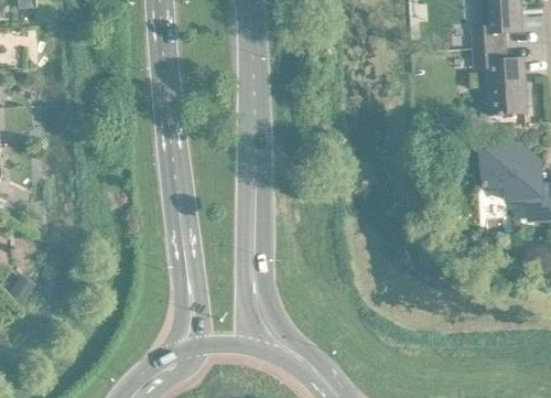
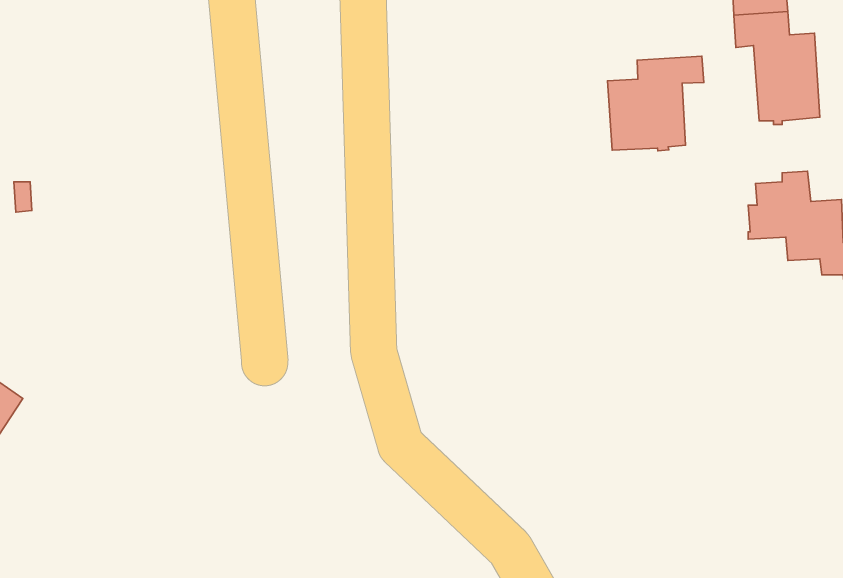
building: none -> [608,56,704,151]

